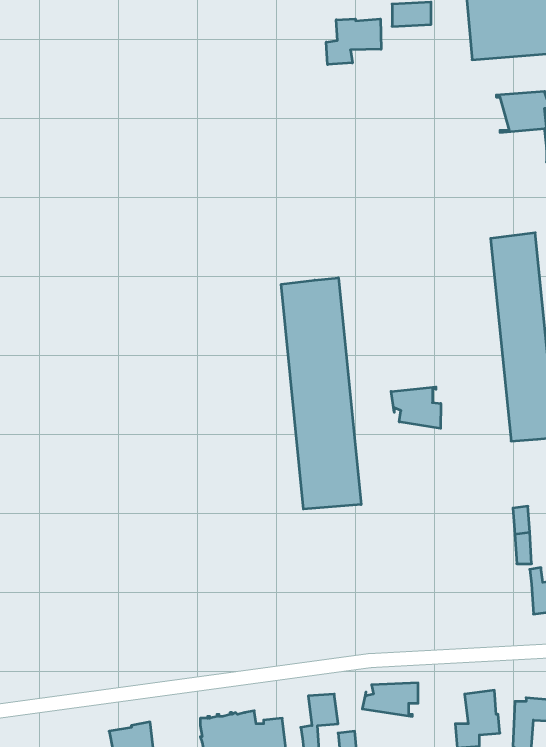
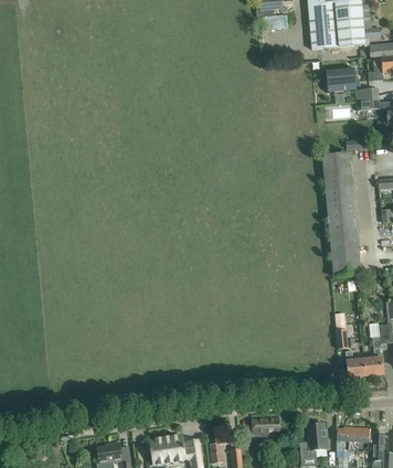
building: [326,19,381,65] -> none
building: [281,278,361,509] -> none
building: [391,387,441,428] -> none

